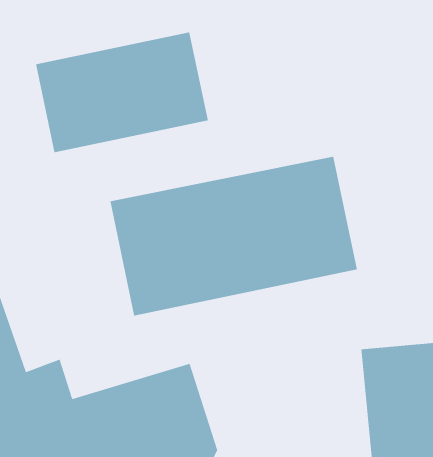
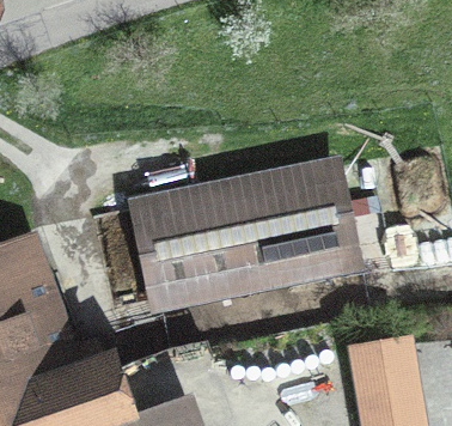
building: [35,32,209,153] -> none

